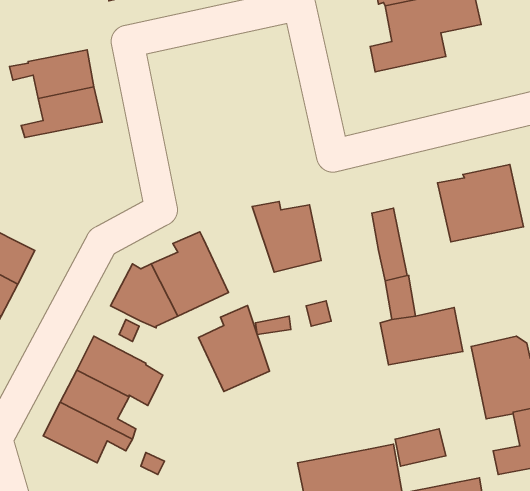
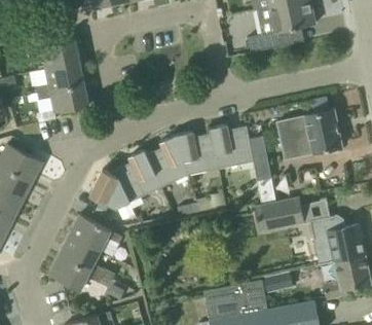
building: none -> [27,83,88,113]
building: none -> [210,124,253,168]
building: [199,305,269,391] -> [146,135,189,187]

